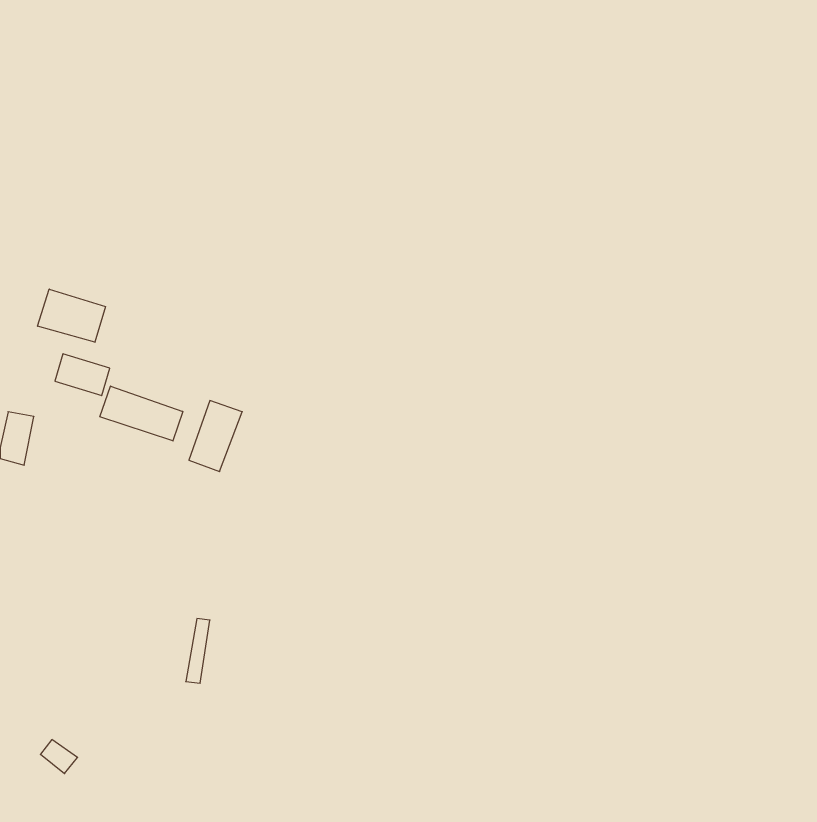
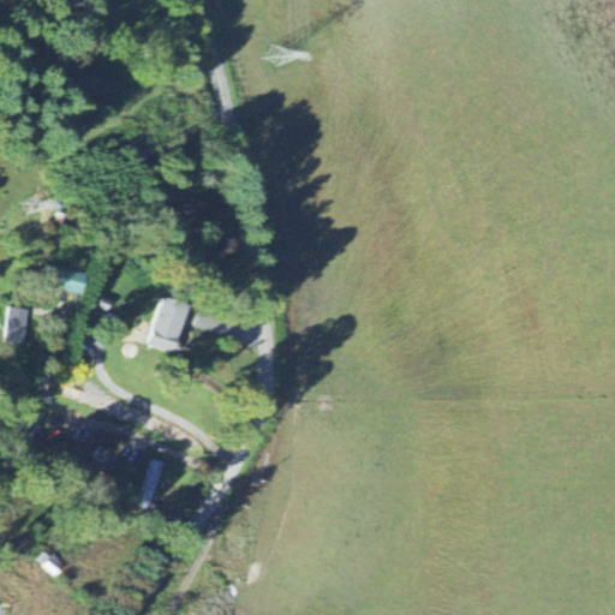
building: [38,289,105,342] -> none
building: [100,386,183,441] -> none

